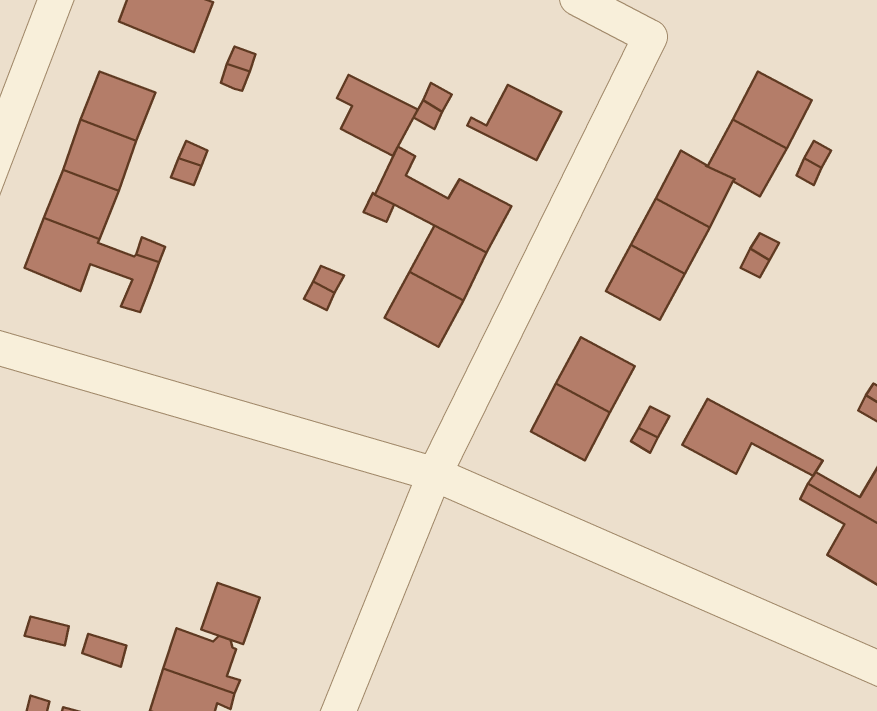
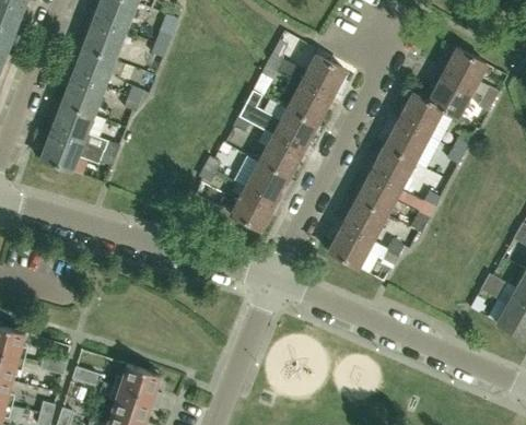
building: none -> [83,19,126,59]
building: [337,75,418,156] -> [285,78,331,123]
building: none -> [231,187,276,229]
building: [682,399,823,476] -> [356,172,436,215]
building: [201,583,260,644] -> none

